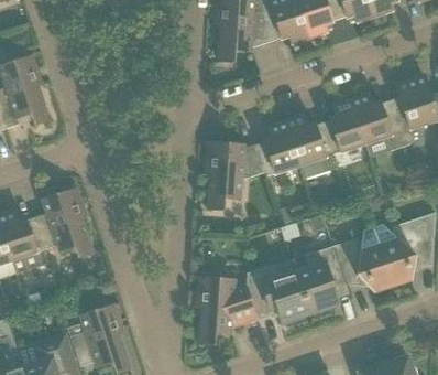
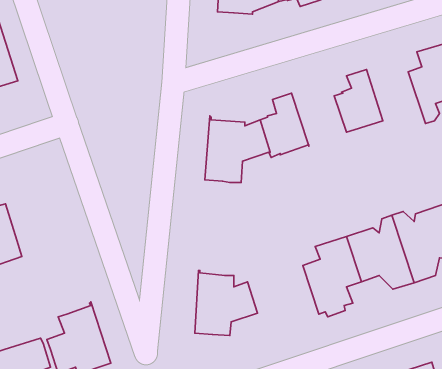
building: [351,94,403,150] -> none
building: [285,115,337,179] -> none
building: [34,188,89,251] -> none
building: [247,267,309,325] -> none

